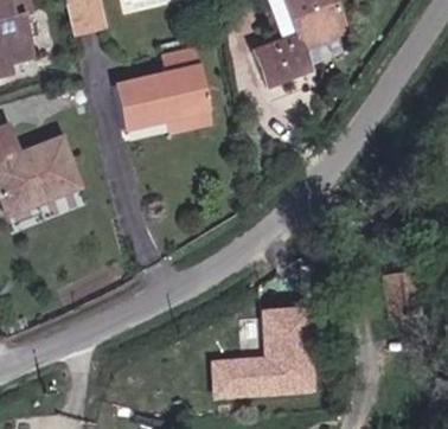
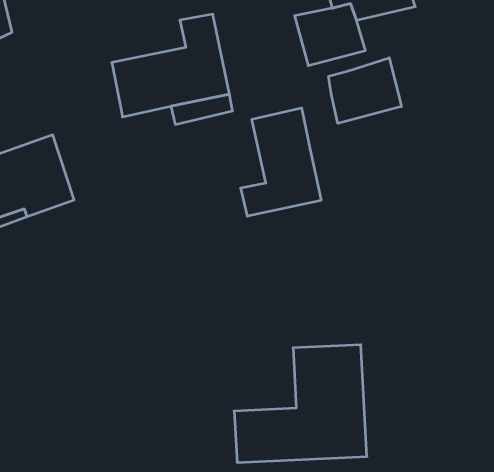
building: none -> [329,58,401,123]
building: none -> [241,108,321,216]

